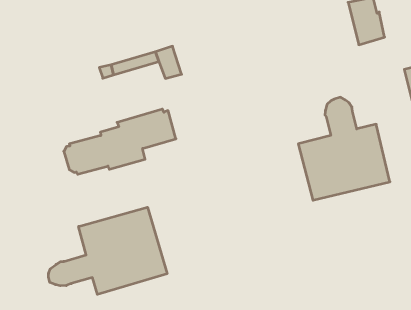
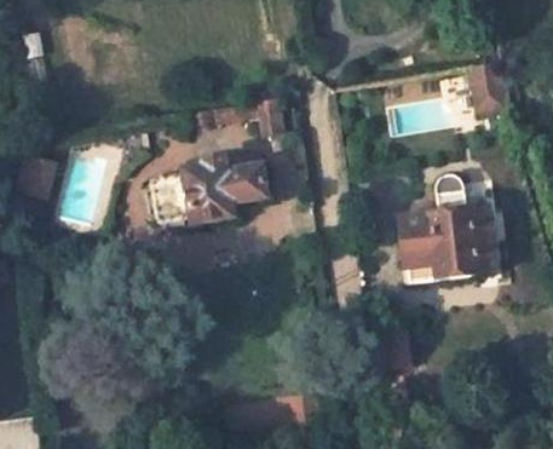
building: [48,207,167,294] -> none

